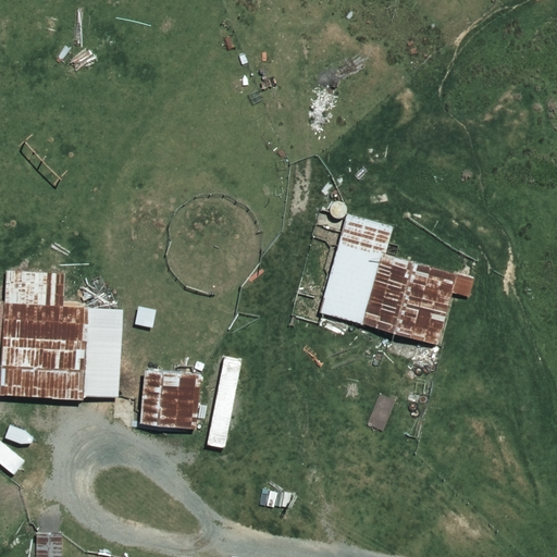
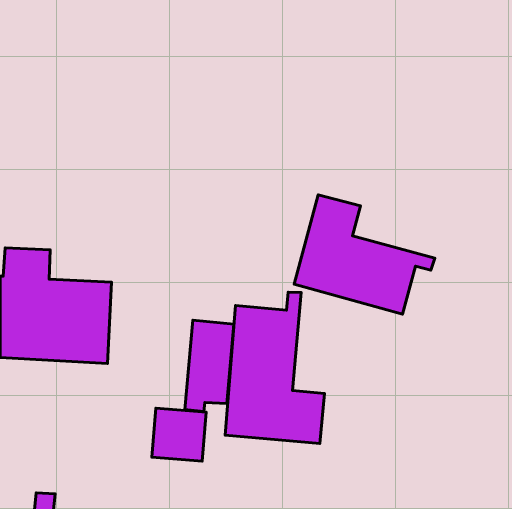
building: none -> [225,292,324,443]
building: [139,369,198,426] -> [152,408,206,461]

